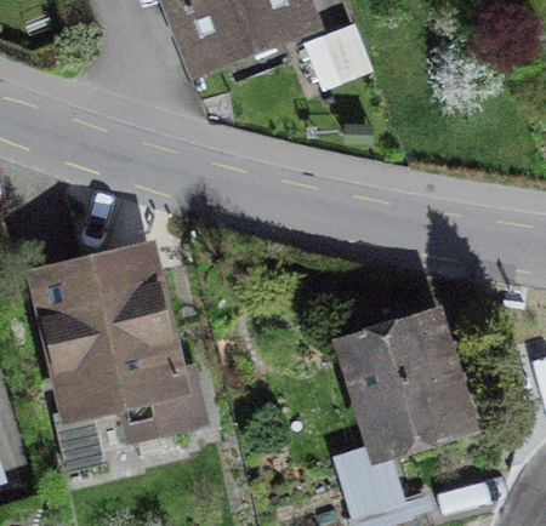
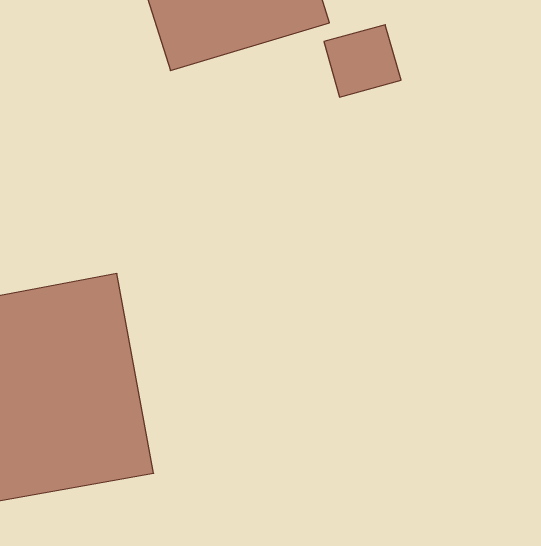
building: [337,307,473,454] -> none

